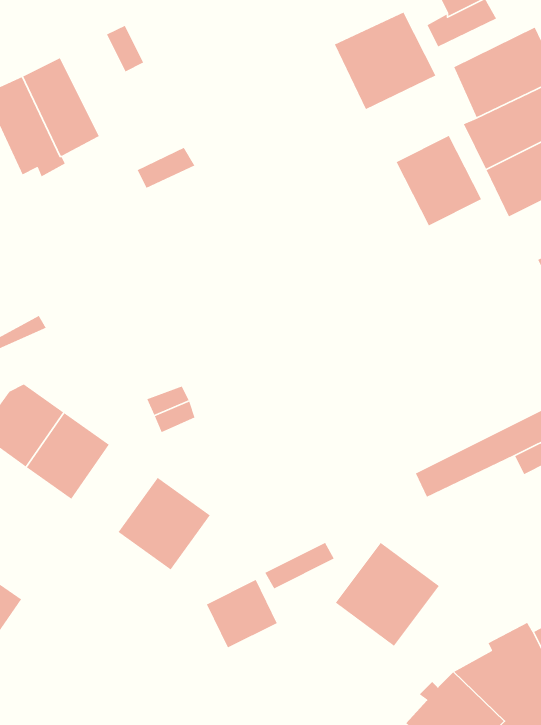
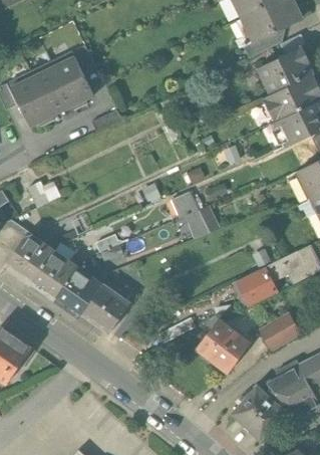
building: [334,12,437,110] -> none
building: none -> [51,52,93,110]
building: [396,135,482,226] -> none
building: none -> [171,189,220,237]
building: none -> [57,267,102,313]
building: none -> [260,313,300,352]
building: [206,579,278,649] -> none

